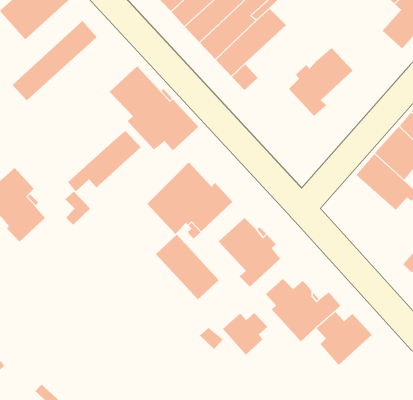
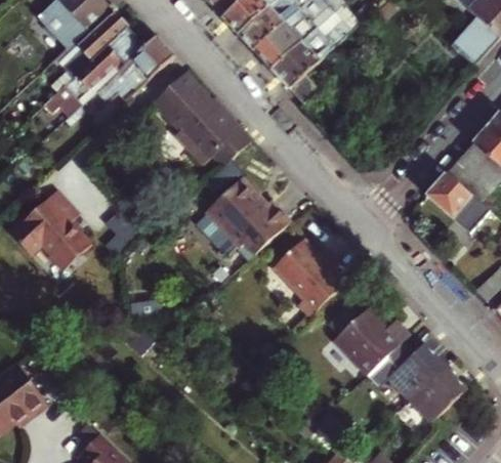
building: none -> [51,10,129,92]
building: [288,47,353,117] -> none
building: [67,130,141,192] -> [93,35,174,102]
building: [155,234,220,300] -> none
building: [222,312,268,356] -> none
building: none -> [408,368,465,423]

